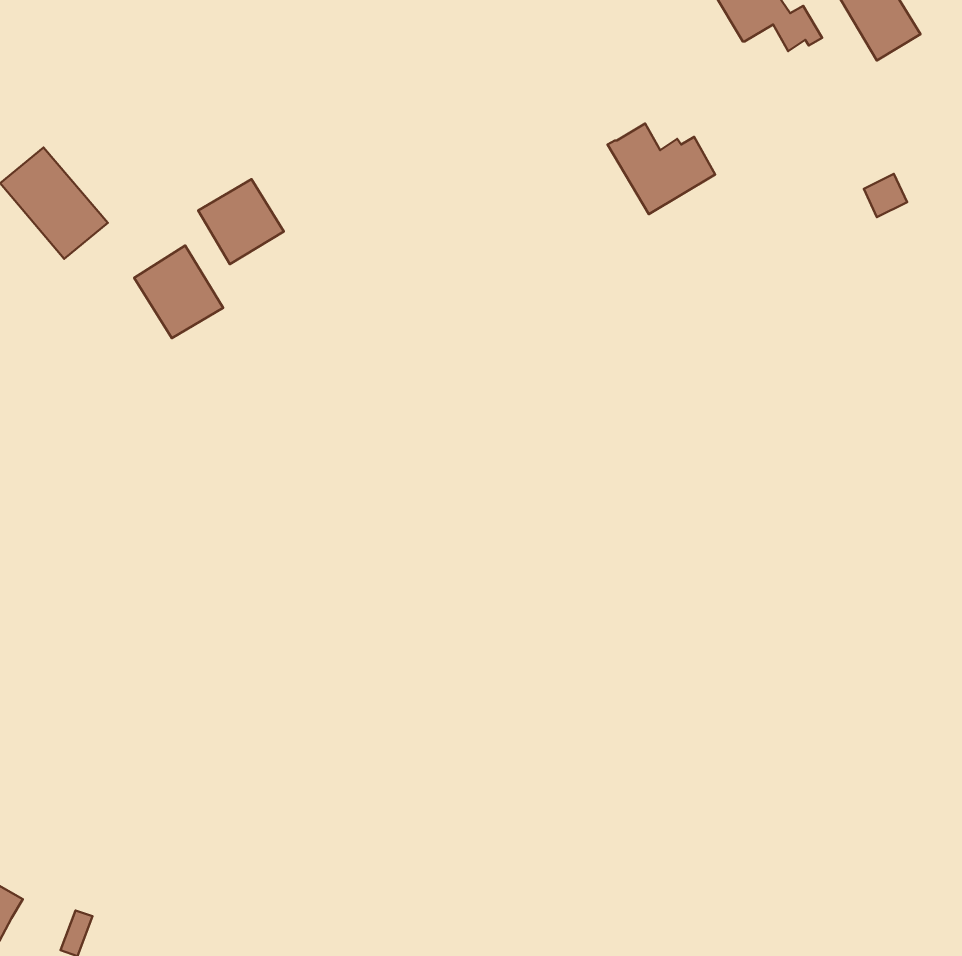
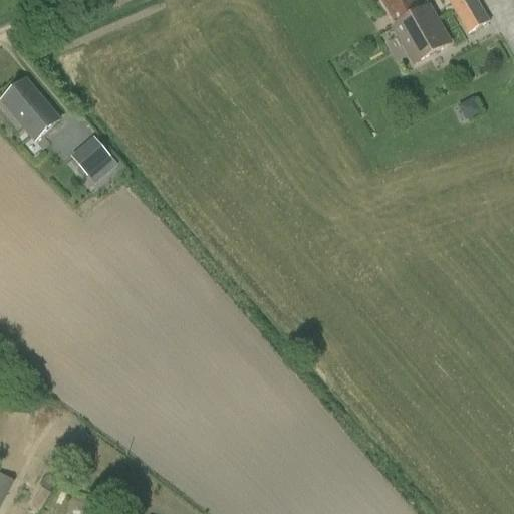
building: [607,124,715,214] -> [391,13,448,61]
building: [198,179,284,264] -> none

